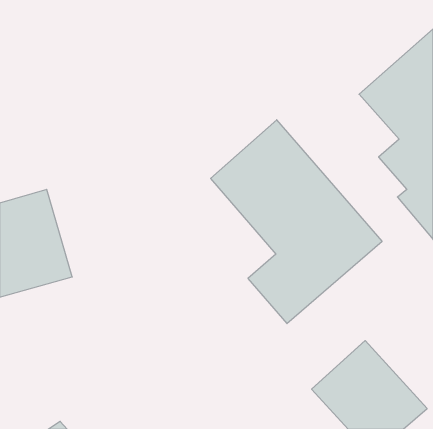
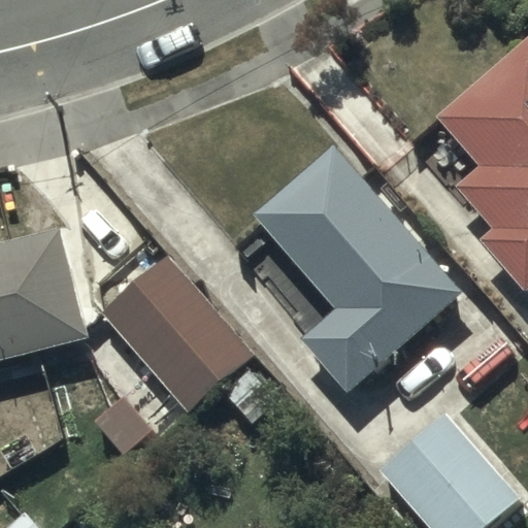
building: none -> [102,254,255,412]

